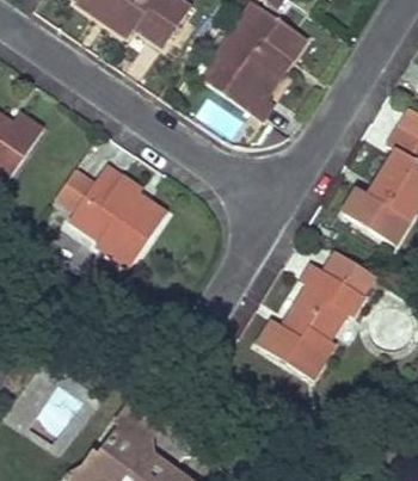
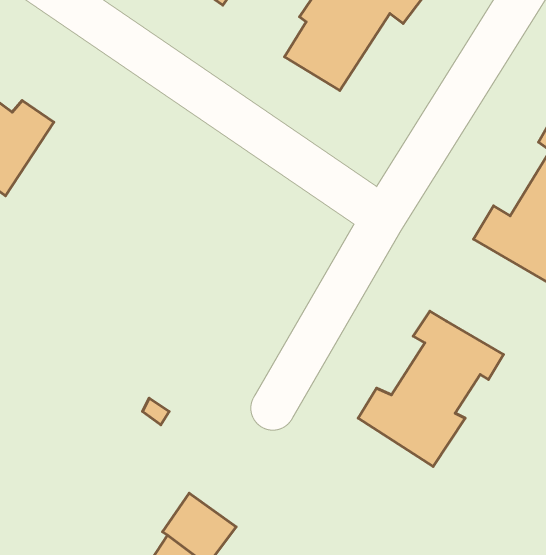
building: [70,164,165,264] -> none
building: [322,248,375,294] -> none

